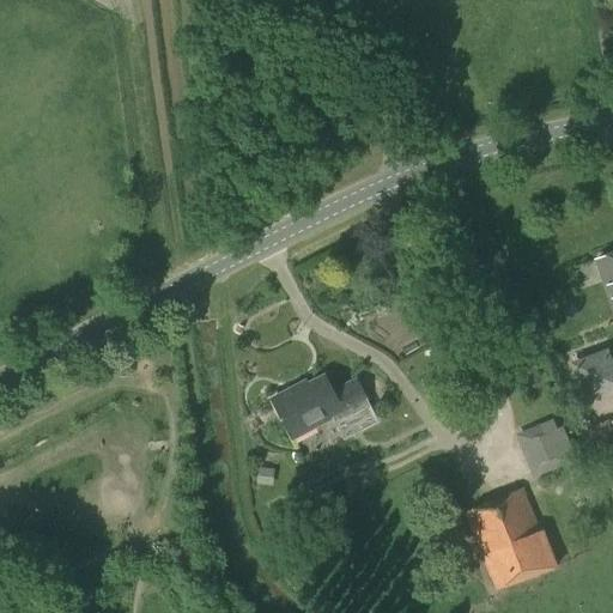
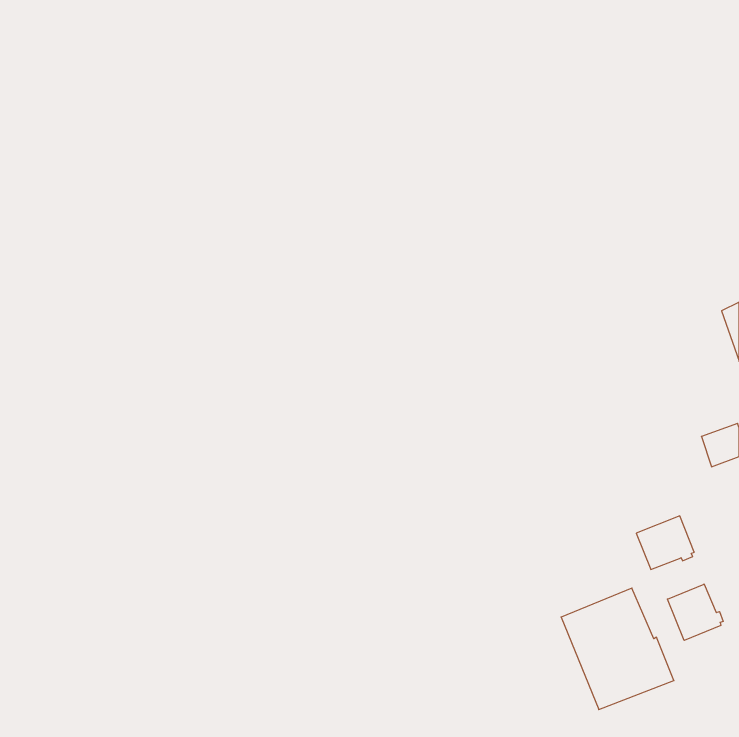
building: [272,374,377,437] -> none
building: none -> [667,584,723,640]

